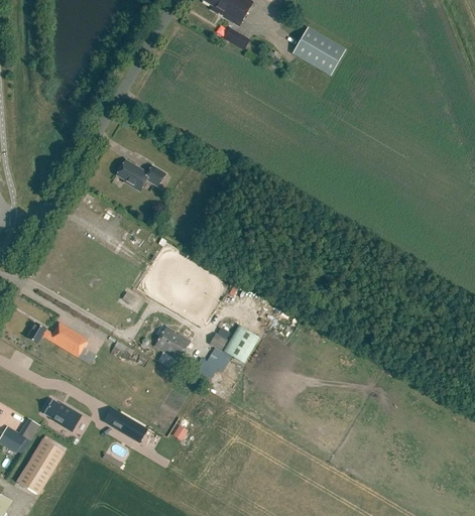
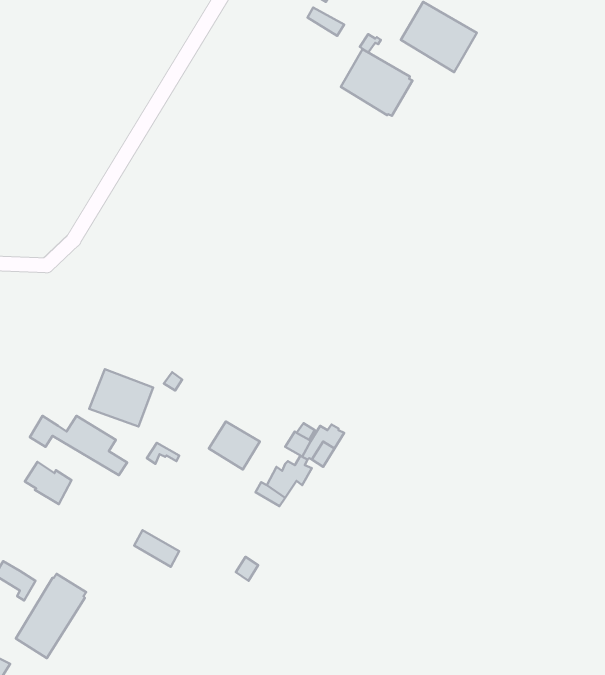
building: none -> [341,49,412,116]
building: [116,158,165,190] -> none
building: none -> [89,369,153,427]
building: [43,398,77,428] -> [25,462,71,504]

